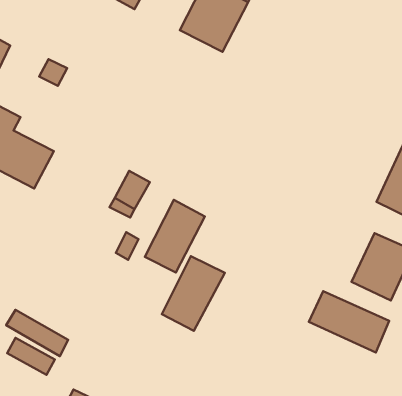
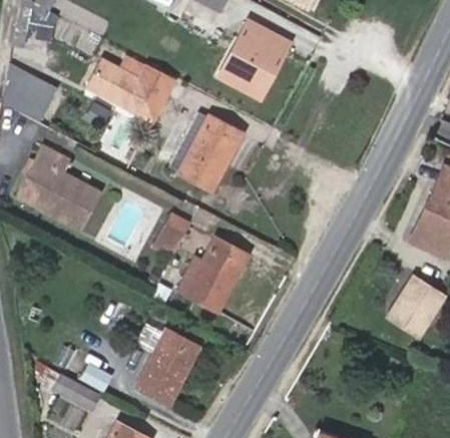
building: none -> [87,58,173,120]
building: none -> [179,118,242,189]
building: [162,256,225,331] -> [137,330,198,402]
building: [309,291,389,353] -> none

